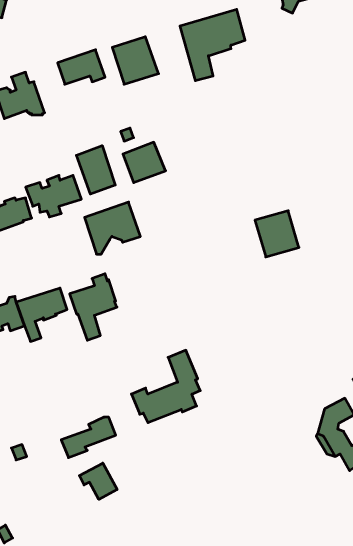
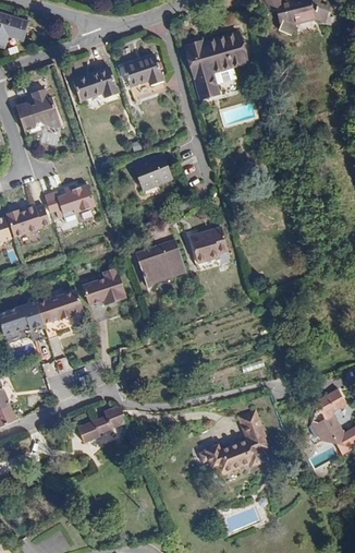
building: [76,146,115,194] -> none
building: [85,202,140,254] -> [135,239,186,287]
building: [255,211,299,257] -> [189,227,230,269]
building: [131,350,200,423] -> [204,409,267,476]
building: [79,463,117,499] -> none

